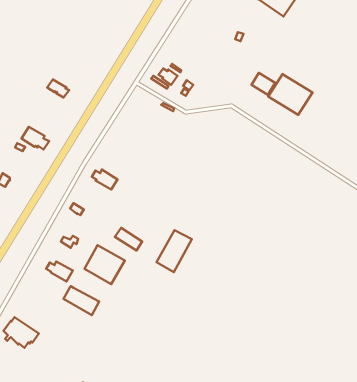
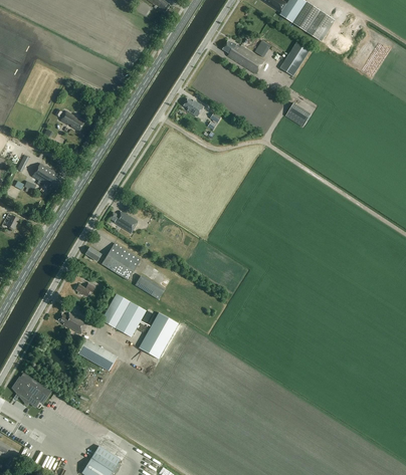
building: none -> [222,40,264,74]
building: none -> [279,42,309,76]
building: [268,74,312,115] -> none
building: none -> [100,243,140,280]
building: [156,230,192,272] -> [138,312,177,359]

